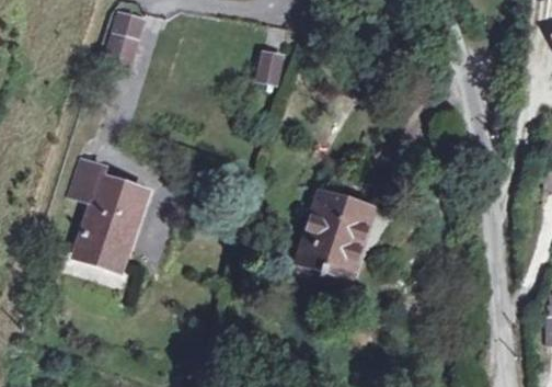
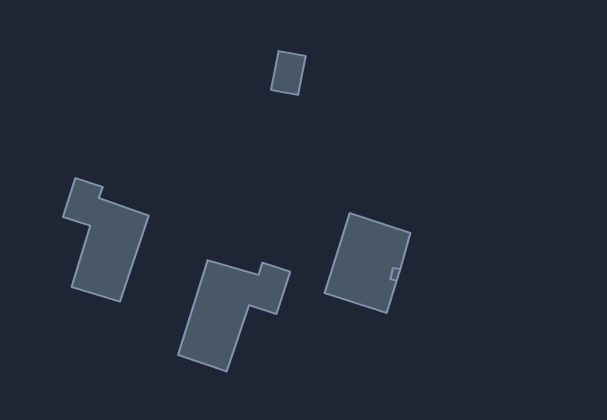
building: [105,11,141,66] -> none
building: none -> [178,260,290,372]

